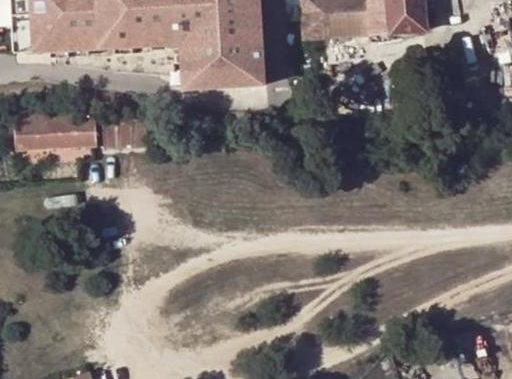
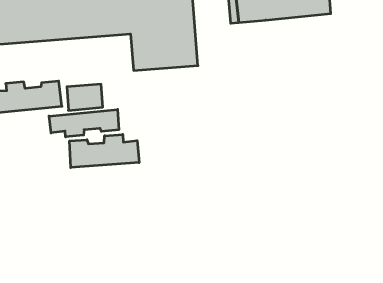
building: none -> [49,109,119,137]
building: none -> [70,134,139,168]

